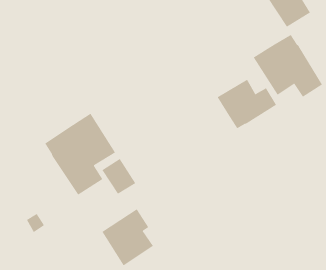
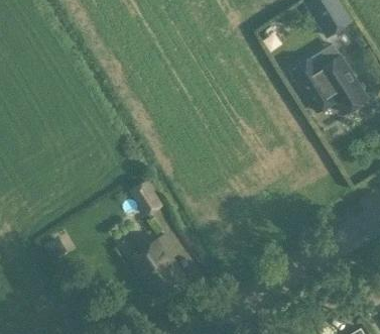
building: [217,79,277,129] -> none
building: [45,113,116,196] -> none

